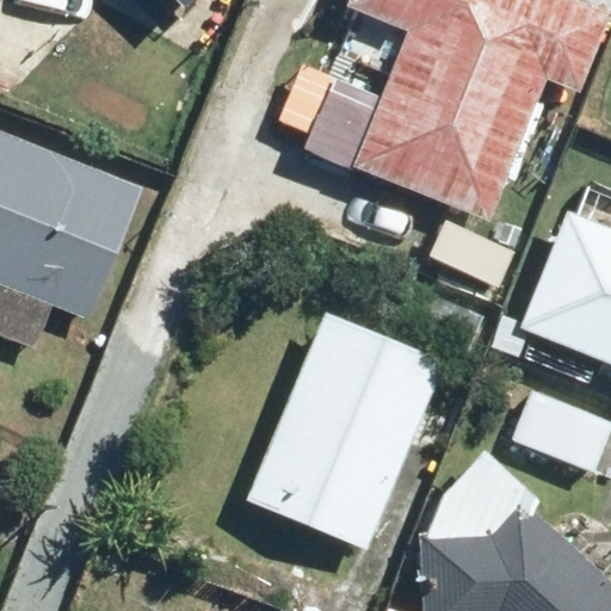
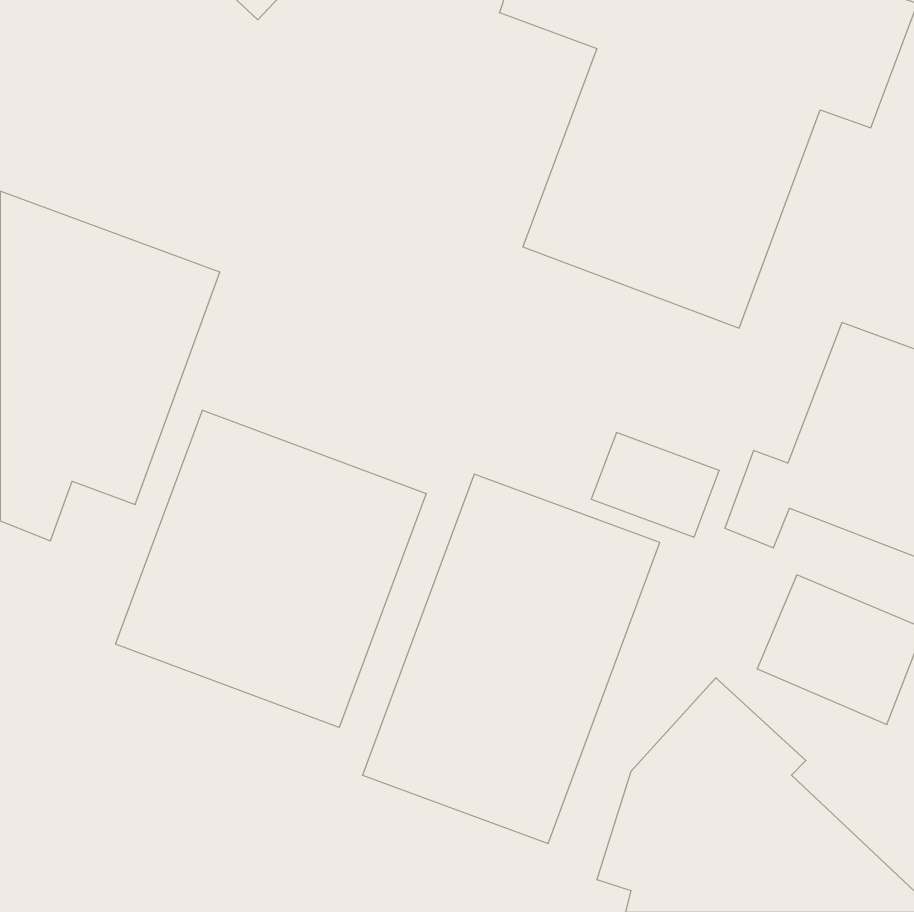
building: none -> [116,410,426,727]

